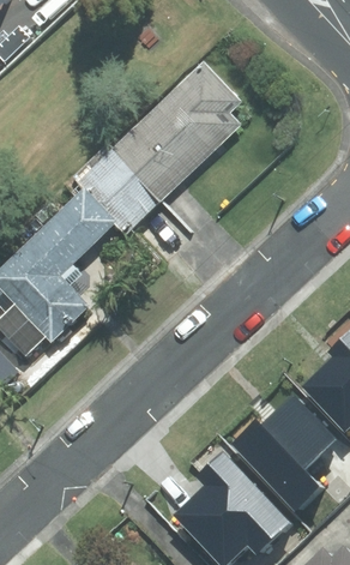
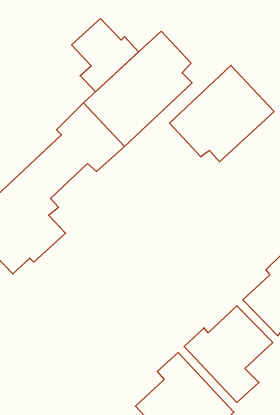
building: none -> [72,19,139,92]
building: none -> [170,65,274,162]

